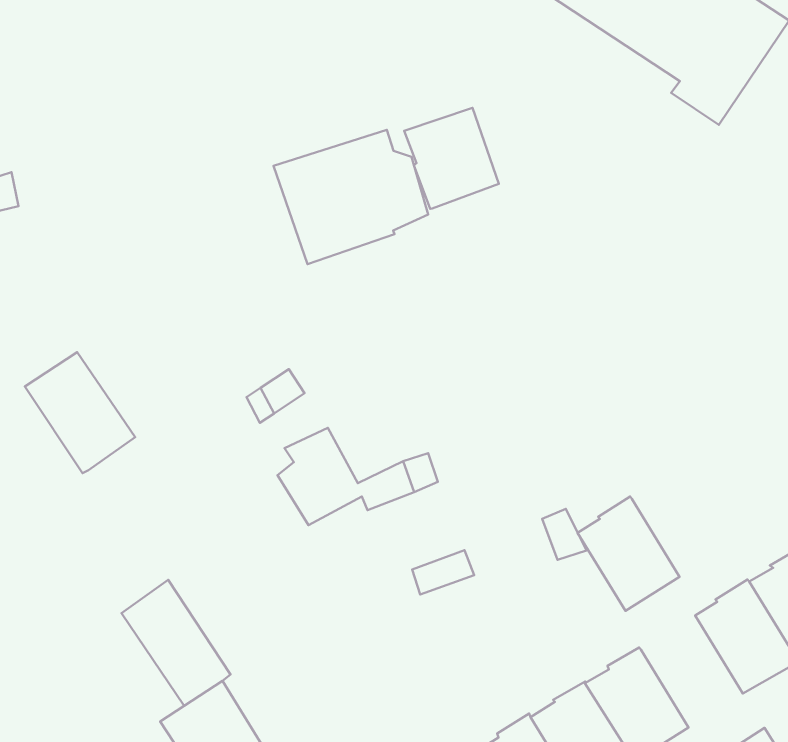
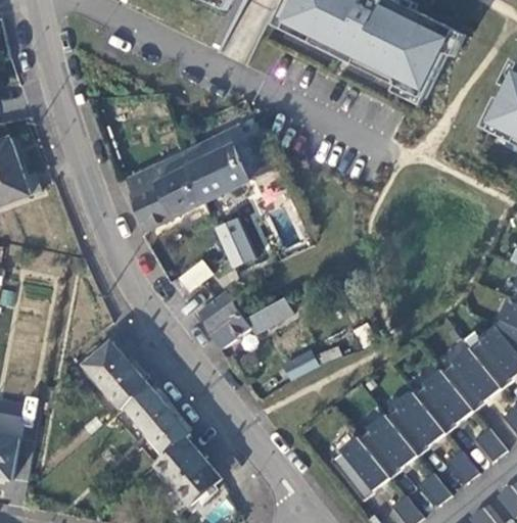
building: [404,108,499,209] -> none
building: none -> [128,150,204,229]
building: none -> [212,215,252,268]
building: [25,352,135,473] -> [85,343,149,410]
building: [578,497,680,611] -> [415,369,474,432]

